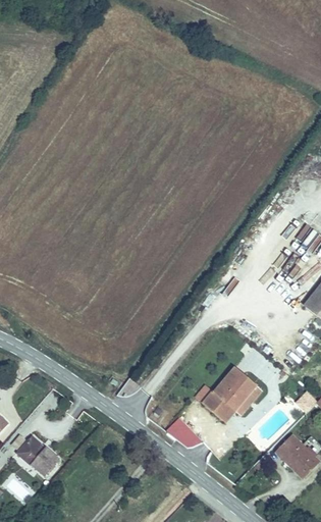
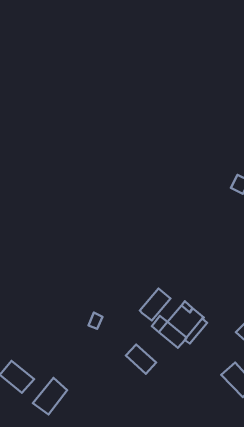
building: none -> [140,289,170,321]
building: none -> [33,378,67,414]

